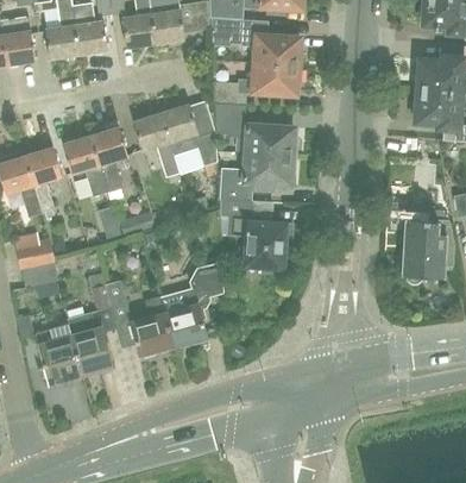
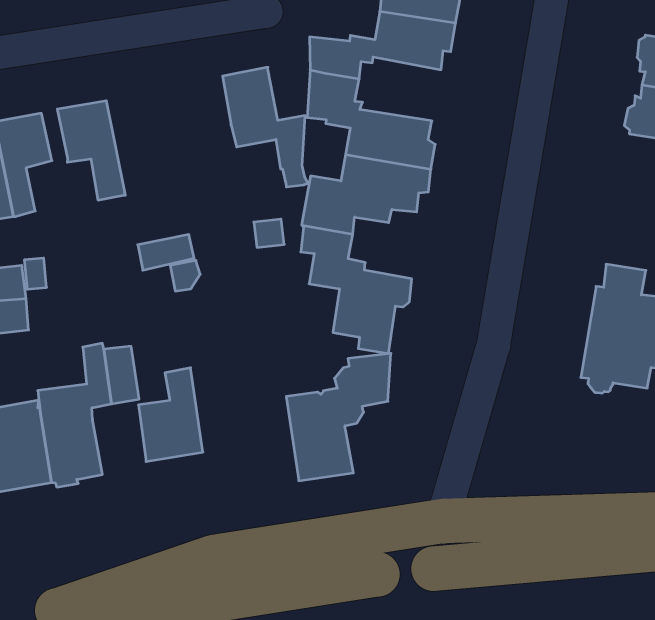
building: [133,112,180,176] -> none
building: [92,125,128,192] -> none
building: [160,261,223,345] -> [286,353,391,481]

